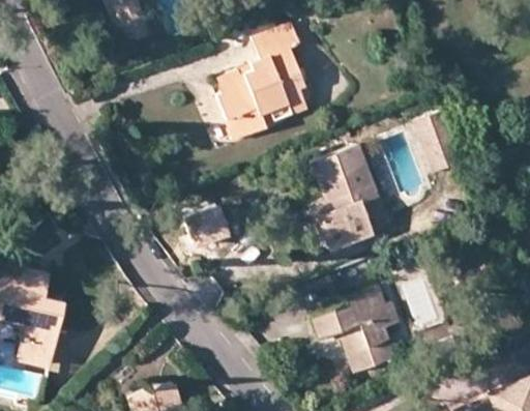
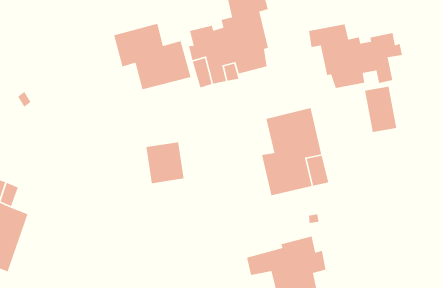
building: none -> [308,24,403,89]
building: none -> [113,23,191,90]

